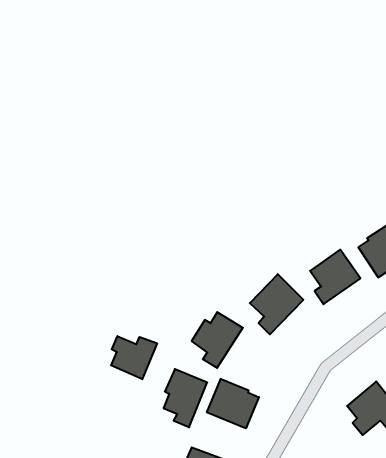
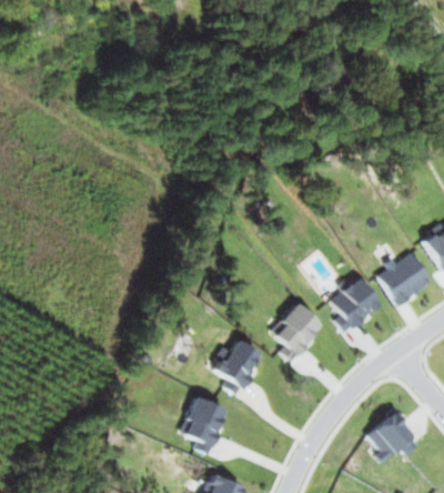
building: [111,336,157,379] -> none
building: [207,379,259,428] -> none

